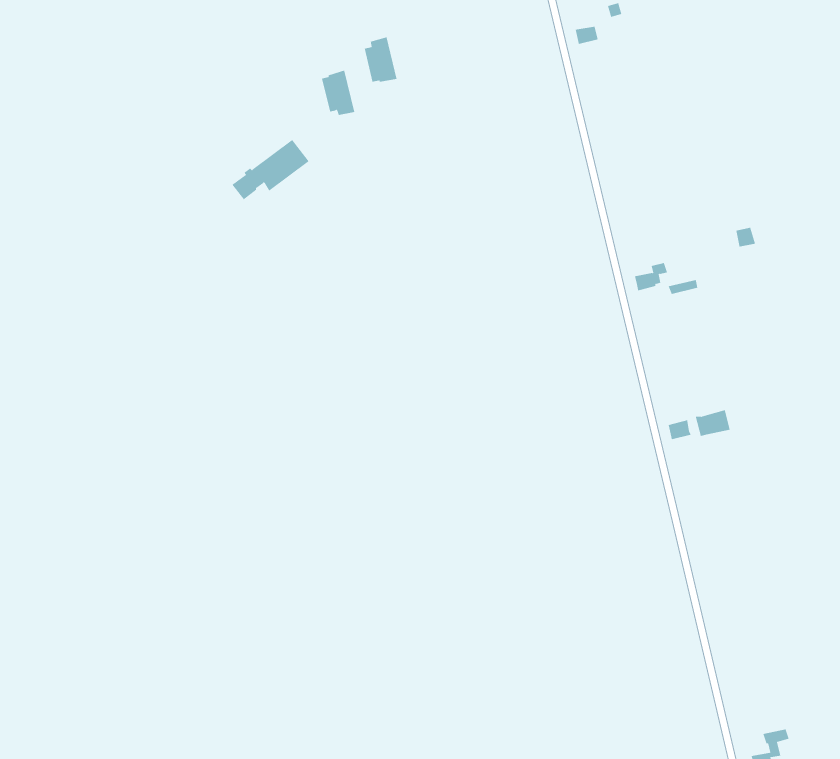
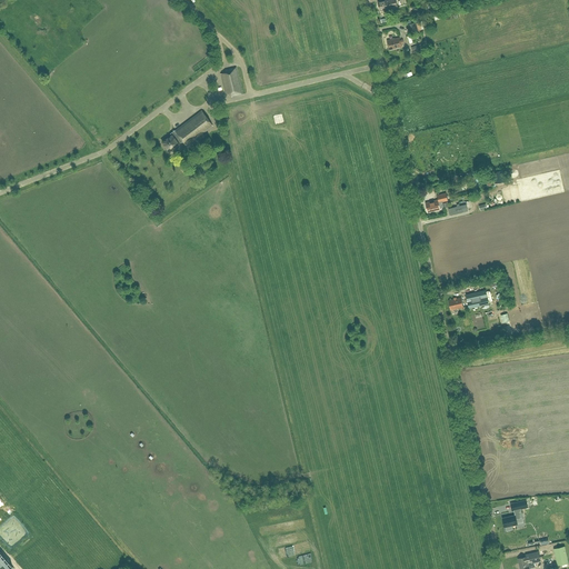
building: [364,37,397,83] -> none

